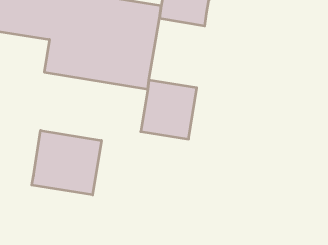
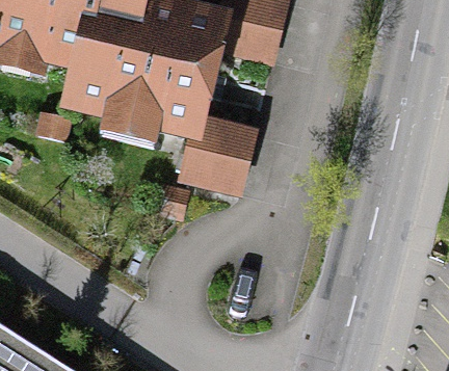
building: [32,130,101,195] -> none

